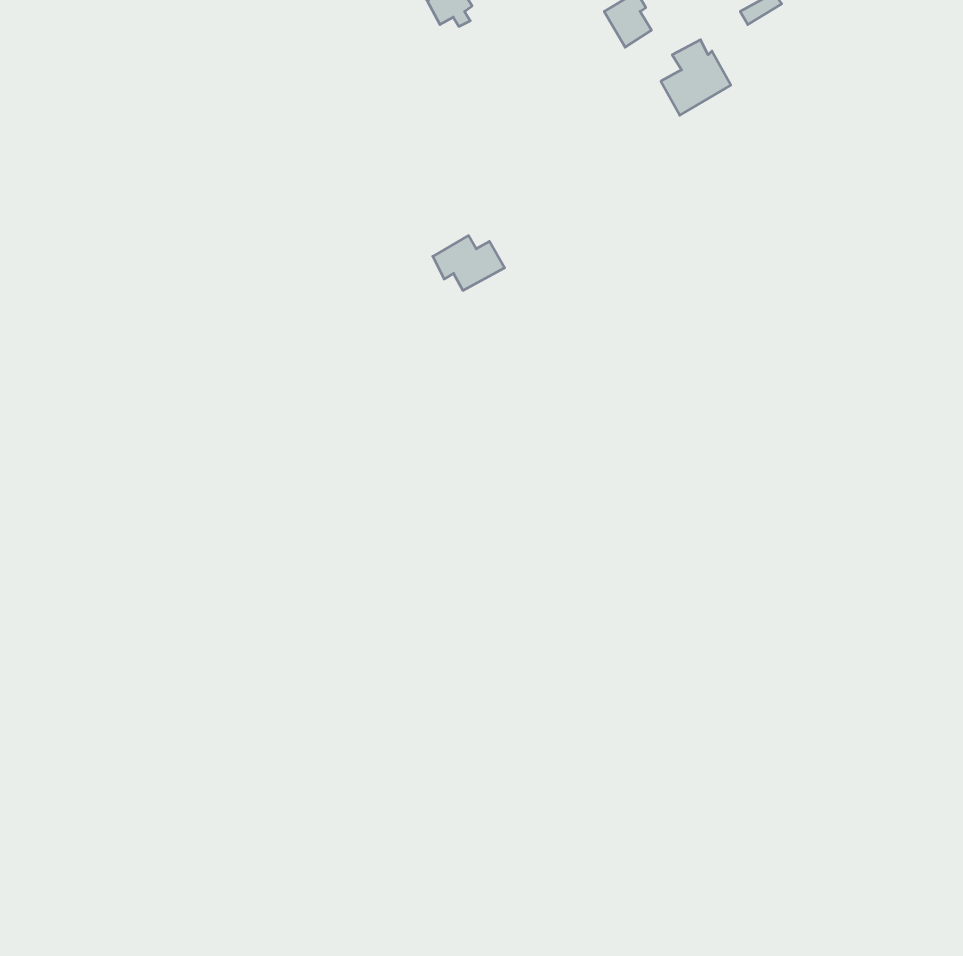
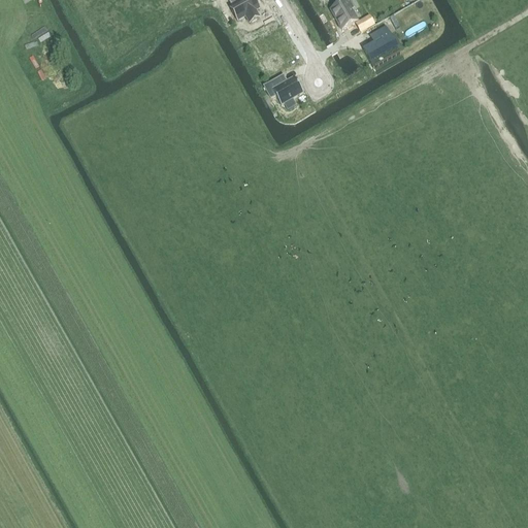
building: [433,236,505,290] -> [264,75,303,105]

